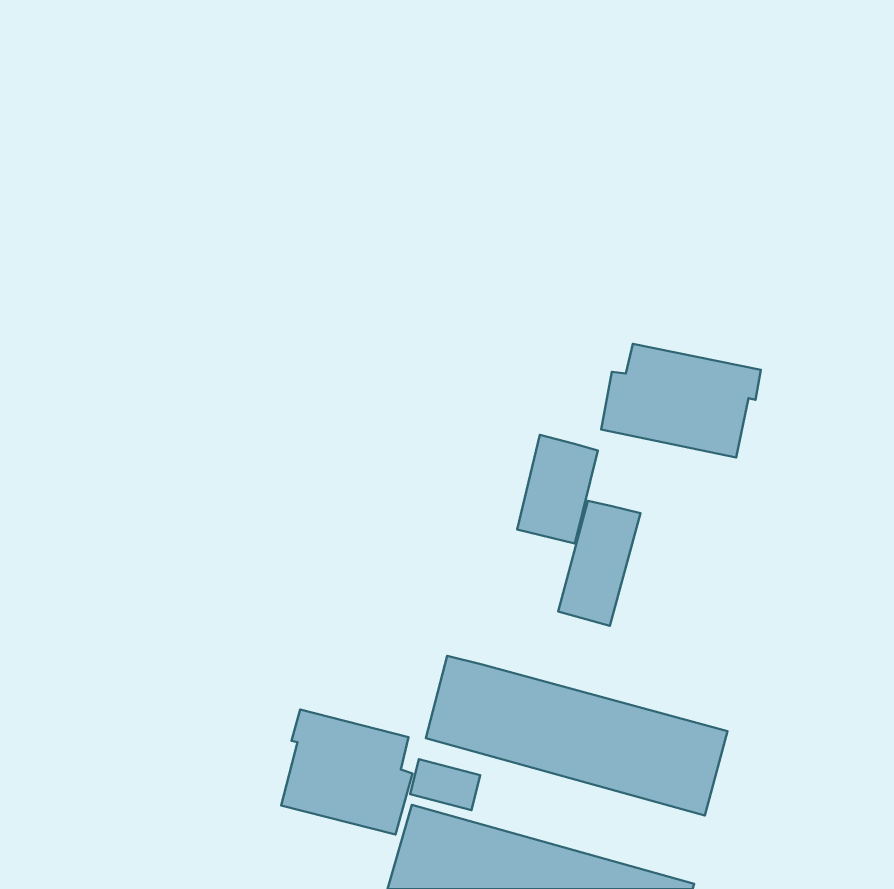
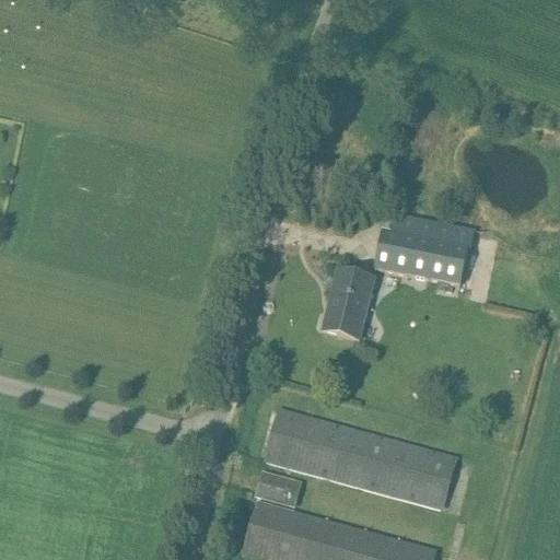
building: [558,501,641,626] -> none
building: [281,710,412,835] -> none

